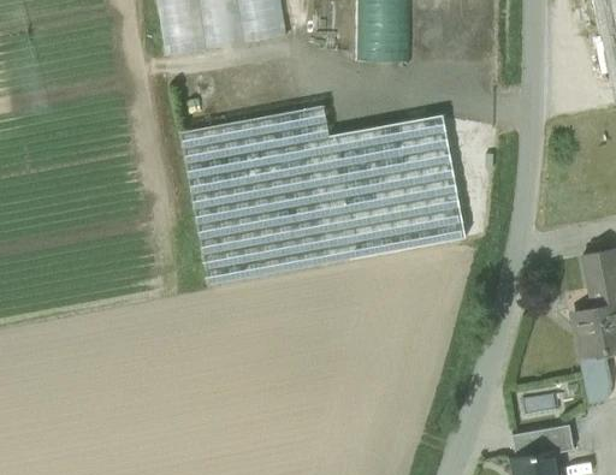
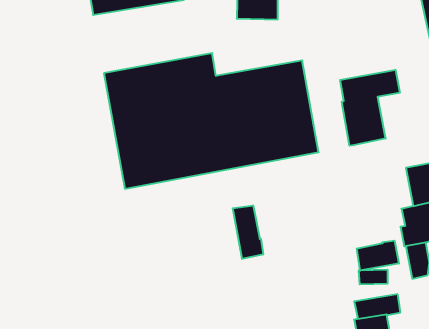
building: none -> [340,70,400,146]
building: none -> [233,205,263,259]
building: none -> [357,241,399,271]

